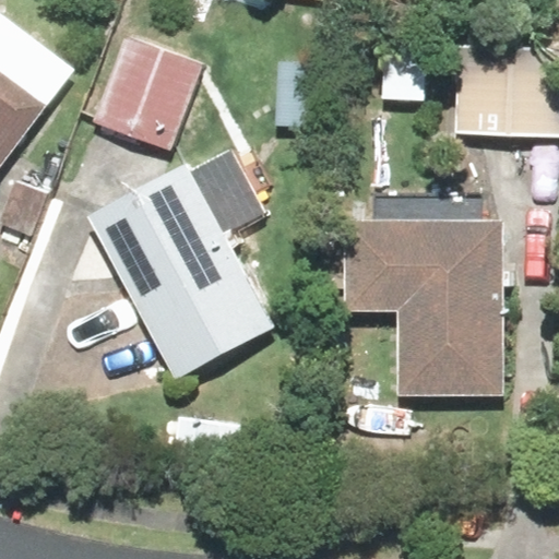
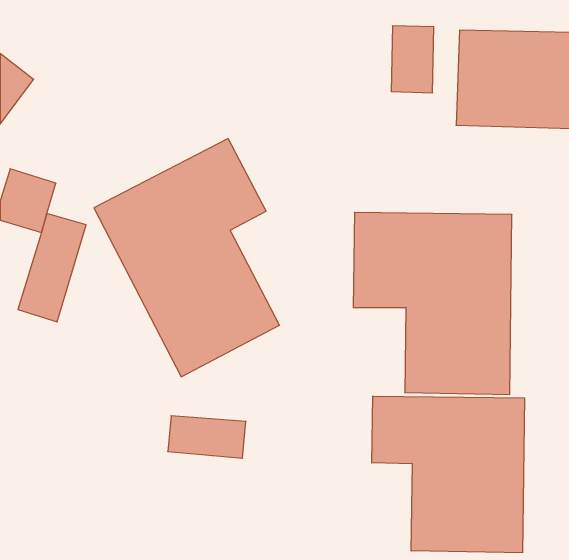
building: [88,40,194,153] -> none
building: none -> [372,396,524,553]

